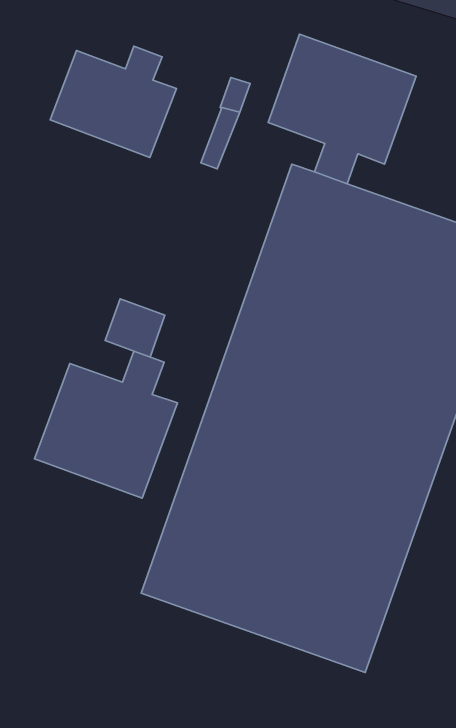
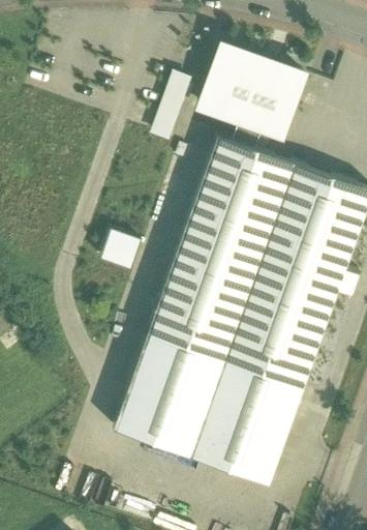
building: [50,46,176,158] -> none
building: [35,351,177,498] -> none

